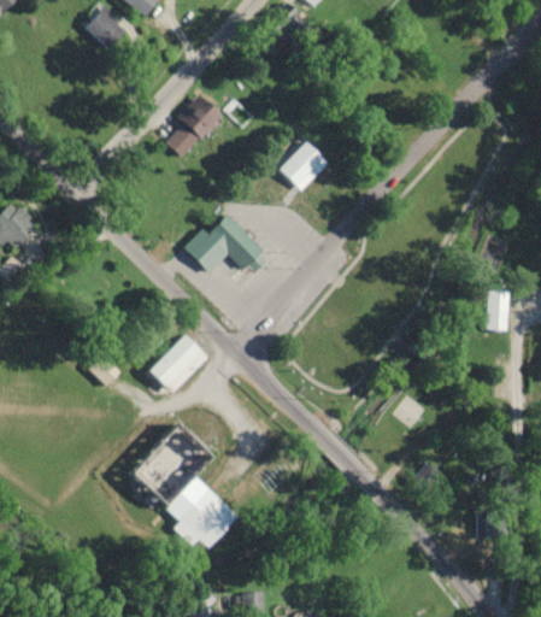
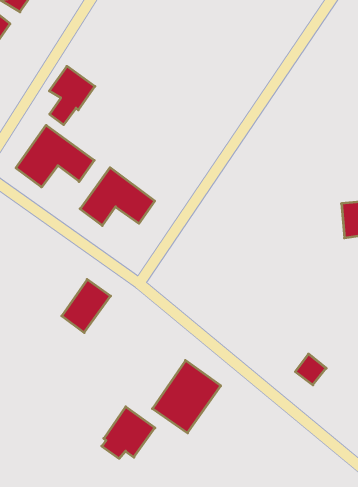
building: [277,141,327,190] -> none
building: none -> [16,125,94,187]
building: [129,423,211,506] -> [152,360,221,433]

